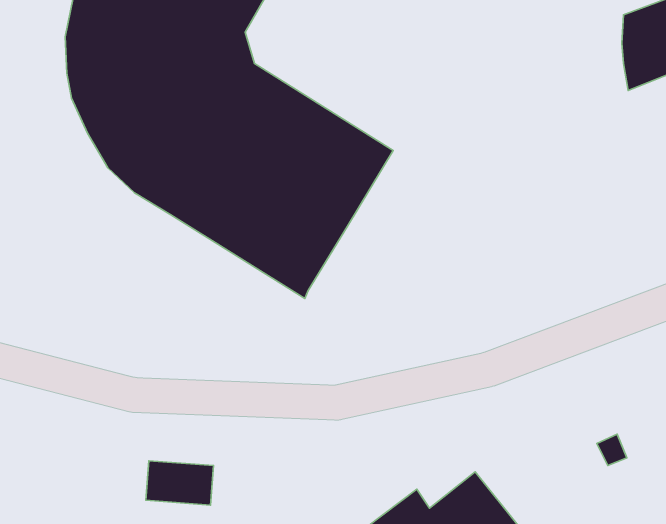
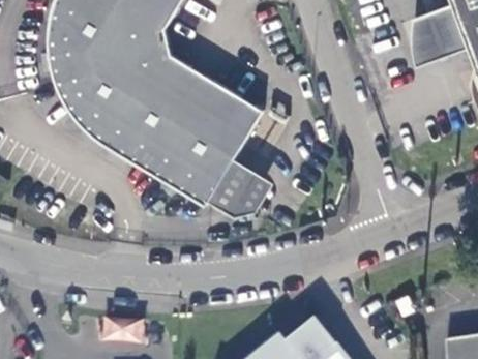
building: none -> [207,159,272,218]

